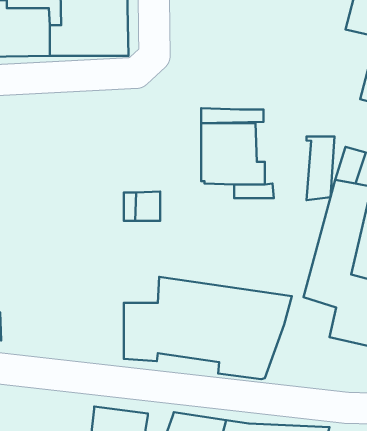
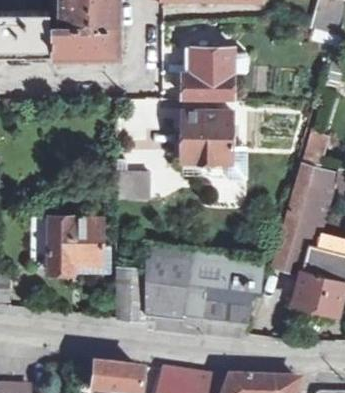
building: none -> [182,47,234,98]
building: [306,136,335,200] -> none
building: none -> [49,216,109,273]

